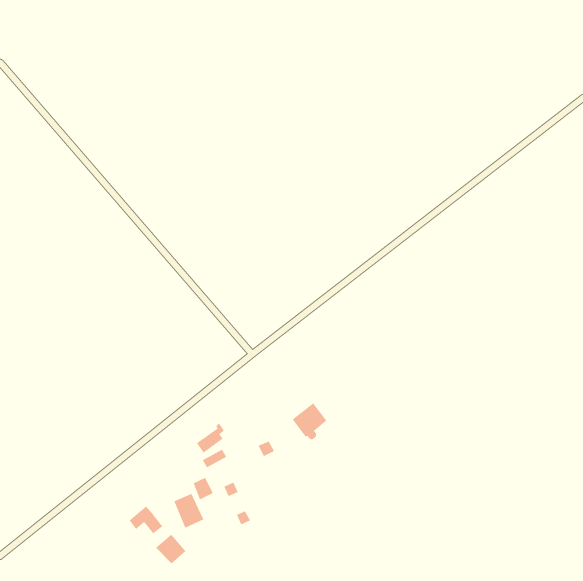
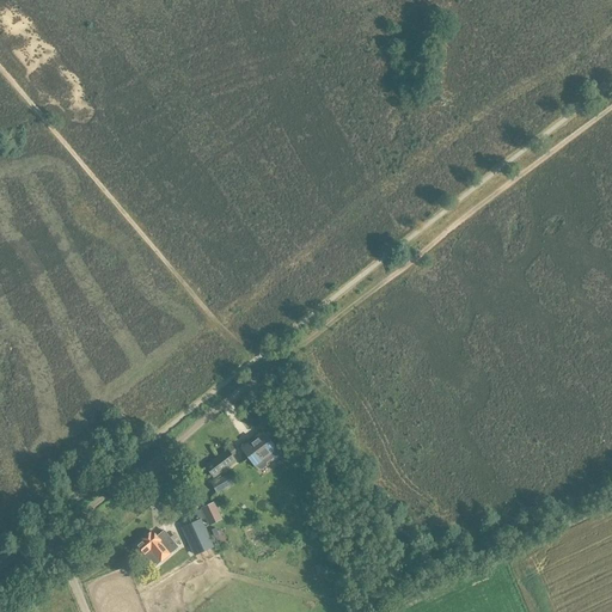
building: [292,402,327,440] -> [240,429,277,469]
building: [155,534,186,564] -> none

